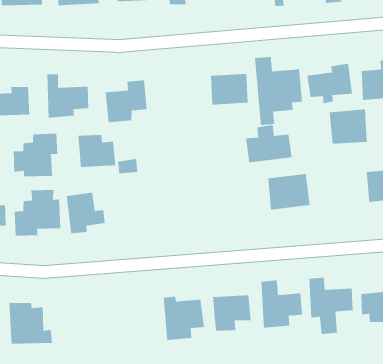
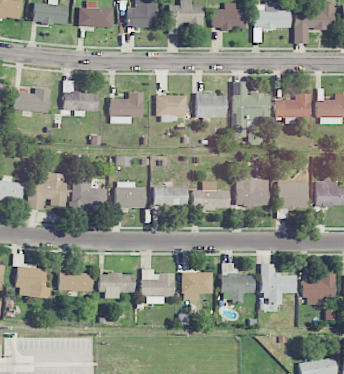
building: none -> [158,95,187,121]
building: [329,109,368,144] -> [278,182,308,209]
building: [245,125,293,163] -> [193,181,230,210]
building: [13,133,58,177] -> none
building: [77,135,116,168] -> [116,181,145,208]
building: none -> [154,187,188,205]
building: none -> [101,273,135,298]
building: none -> [59,272,93,292]

